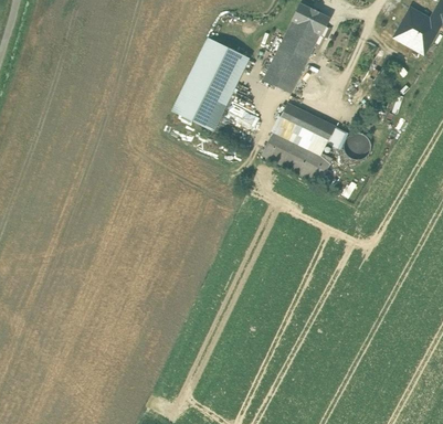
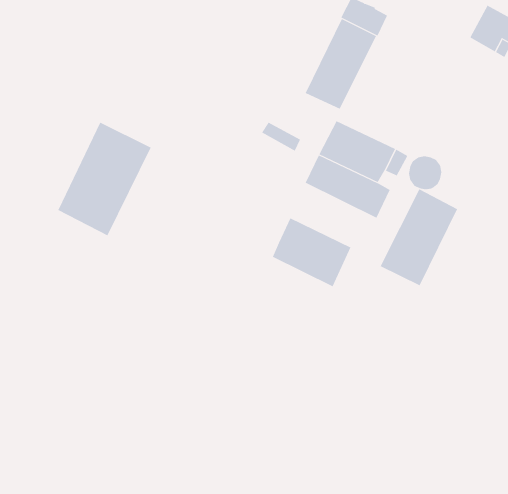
building: [172,38,249,130] -> [58,122,151,236]
building: none -> [380,188,458,286]
building: none -> [272,217,351,287]

